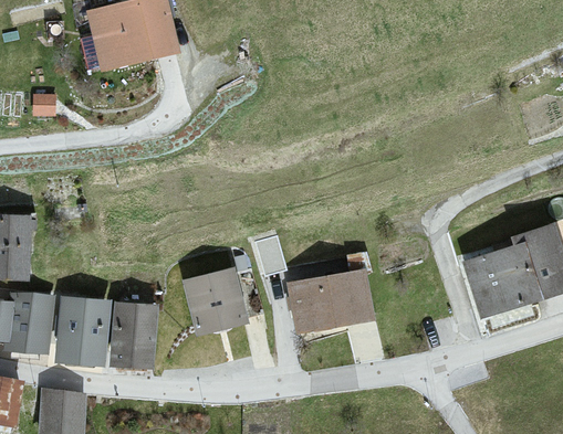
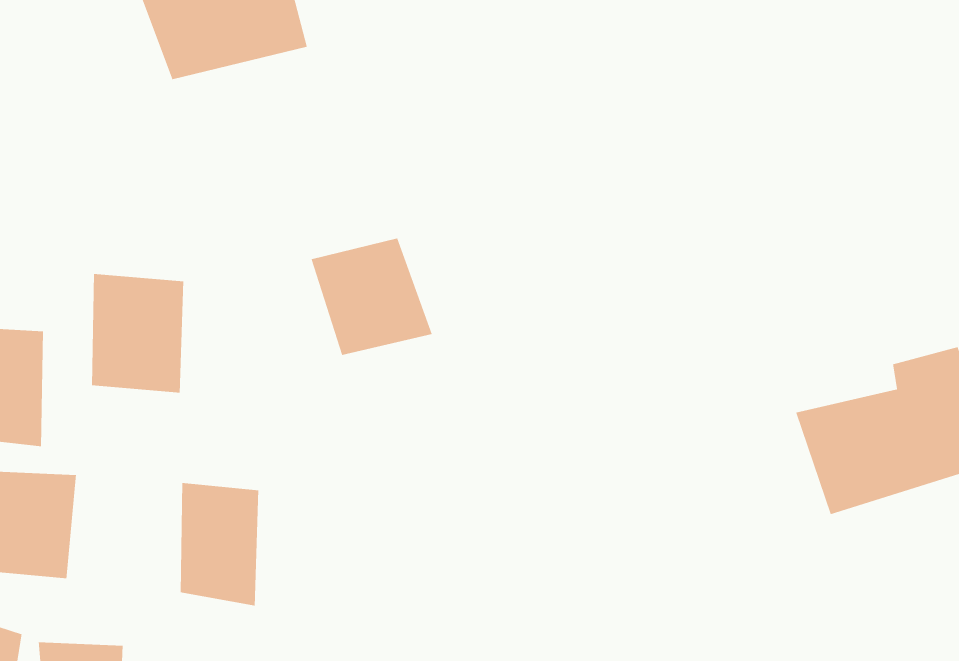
building: [181,267,251,335] -> [311,237,433,356]
building: [284,269,375,330] -> none
building: [55,296,108,364] -> [91,273,184,394]

